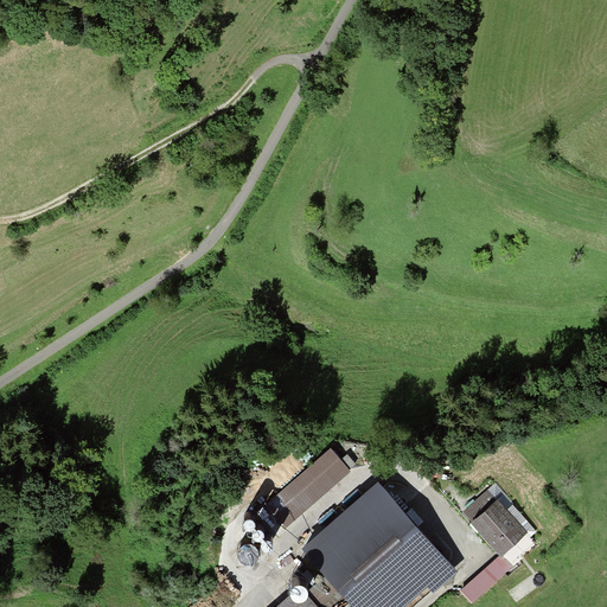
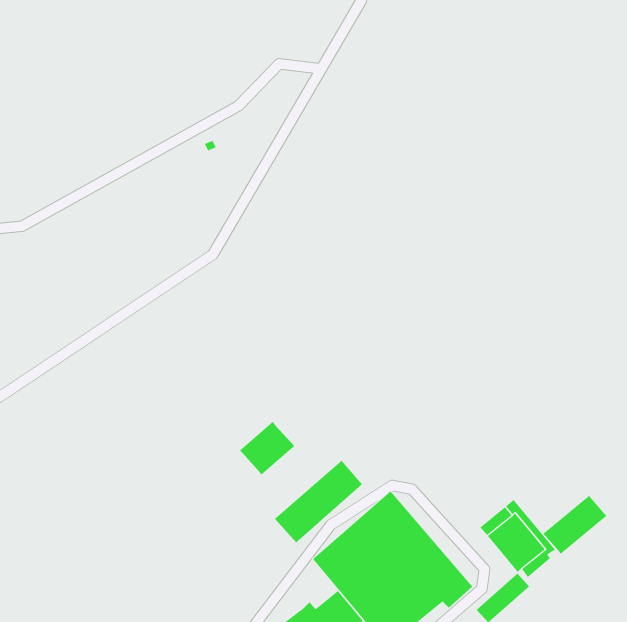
building: none -> [239,421,295,476]
building: none -> [543,495,607,555]

